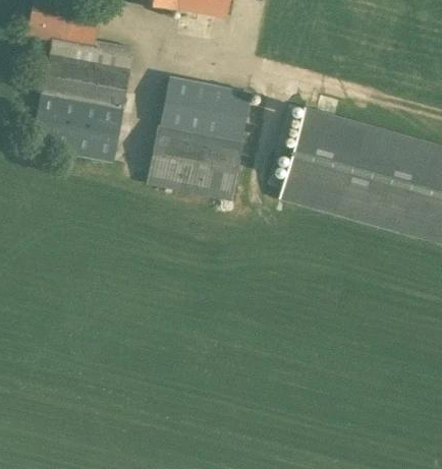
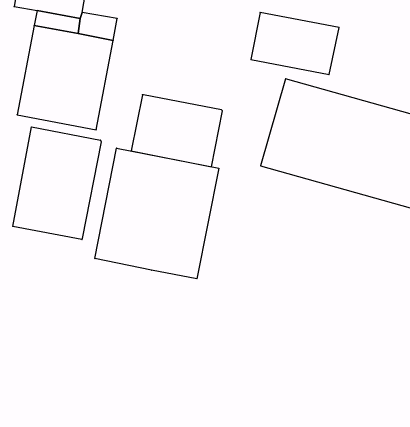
building: [161,77,251,140] -> [251,12,339,75]
building: none -> [13,127,101,240]
building: none -> [95,148,219,279]

